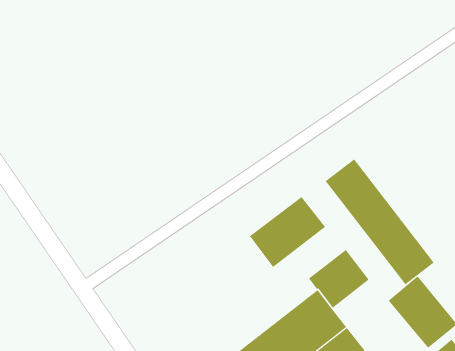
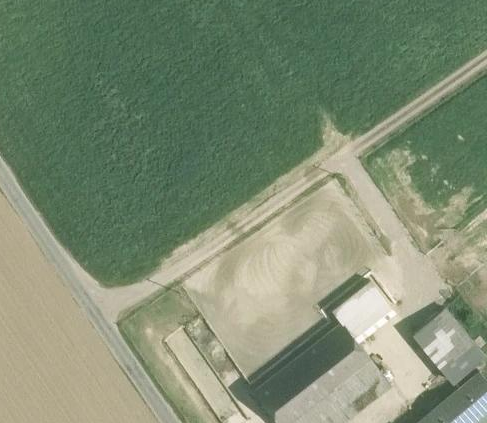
building: [325,159,435,285] -> none
building: [249,196,326,268] -> none

